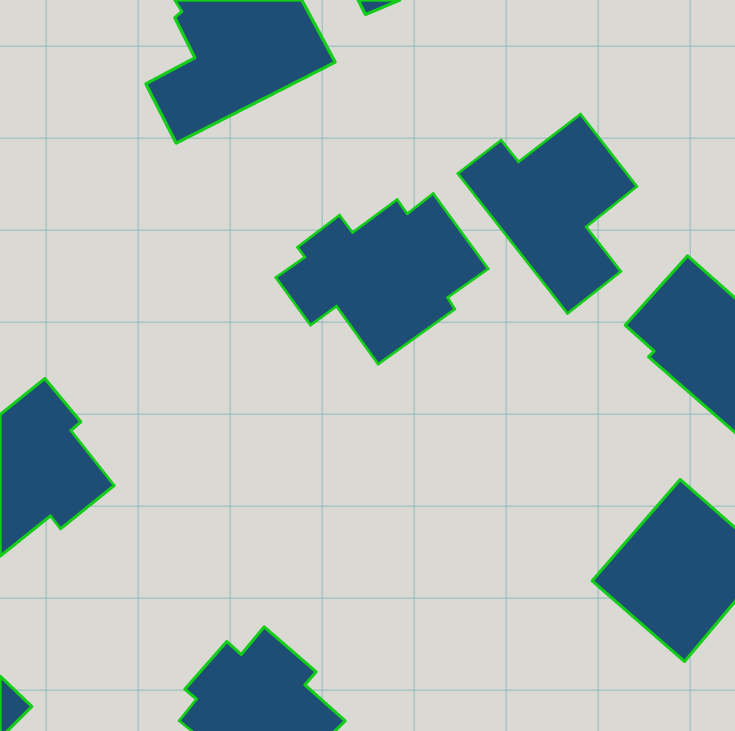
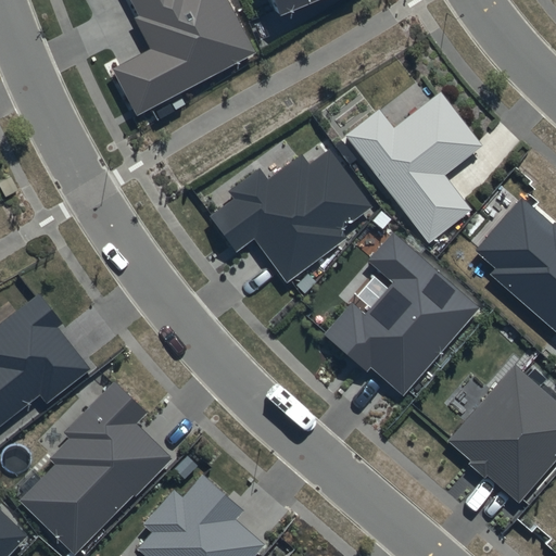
building: none -> [323,232,479,394]
building: none -> [23,379,174,551]

